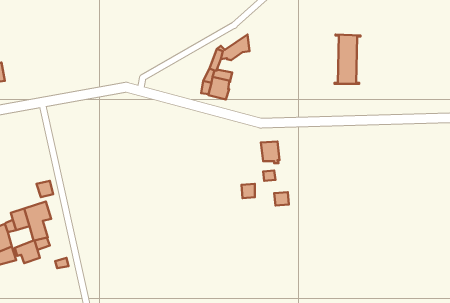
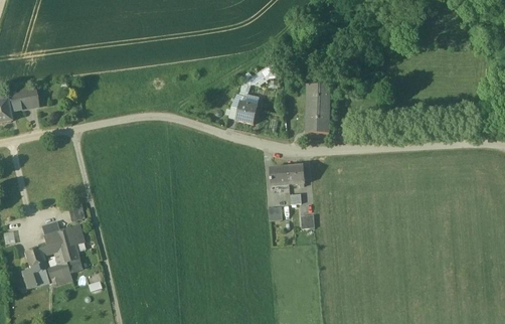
building: [335,34,360,84] -> [306,85,331,133]
building: none -> [270,166,290,187]

